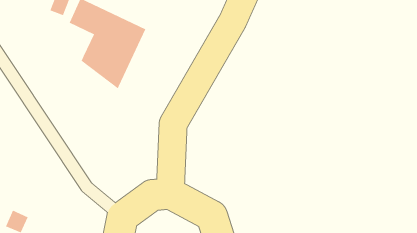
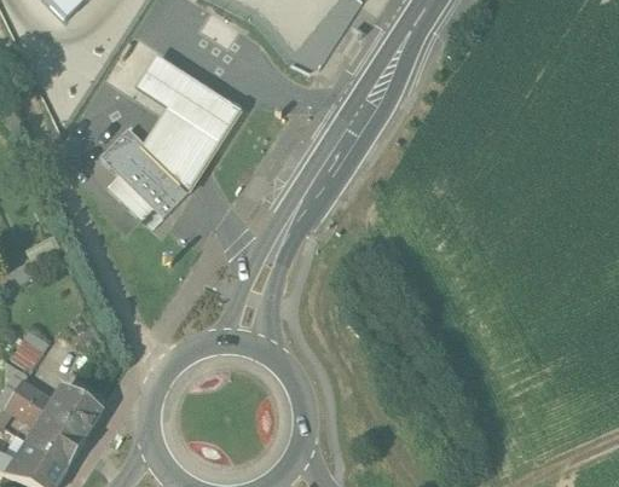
building: none -> [100,126,187,218]

